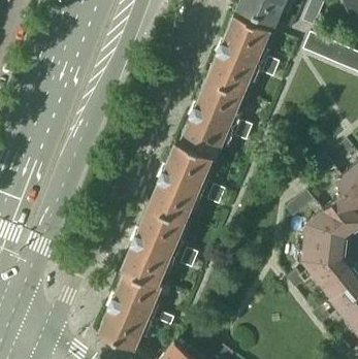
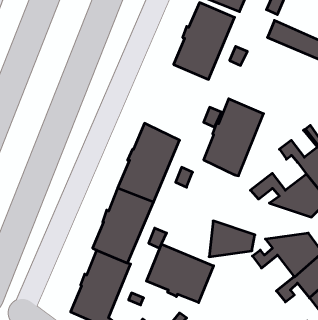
building: [182,79,243,159] -> [204,99,264,176]
building: [302,223,350,260] -> [209,221,255,257]
building: none -> [146,244,214,303]

